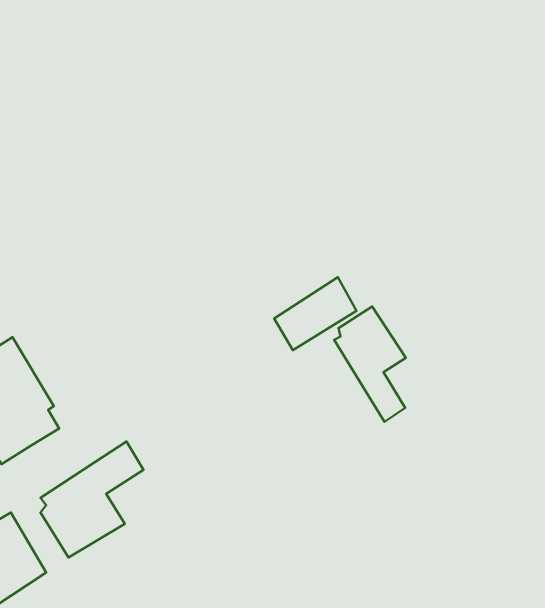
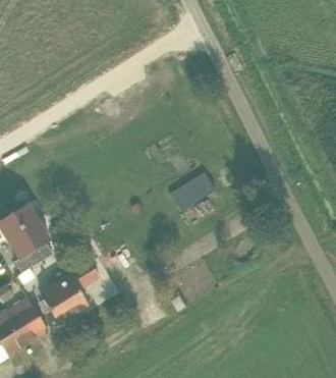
building: [334,306,406,422] -> none

